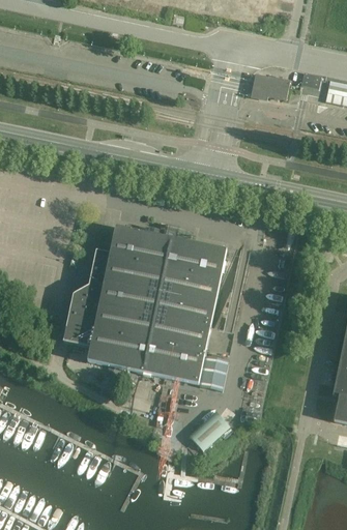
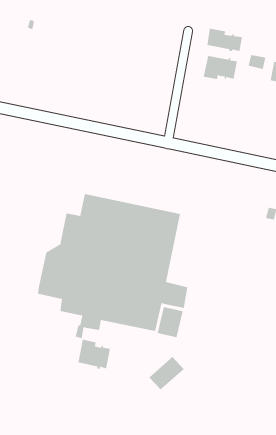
building: none -> [207,28,242,52]
building: none -> [78,339,111,369]

